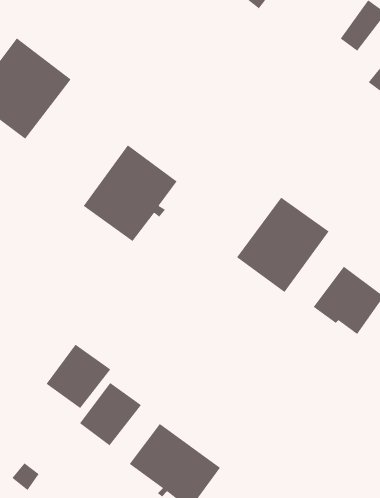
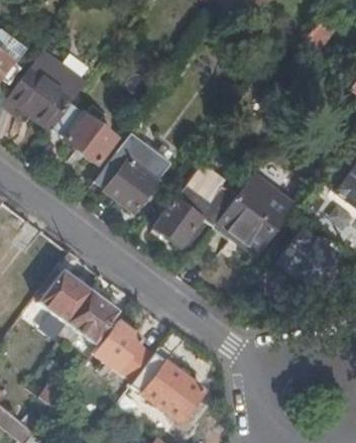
building: none -> [52,105,115,164]
building: none -> [154,162,236,255]
building: none -> [38,251,89,323]

